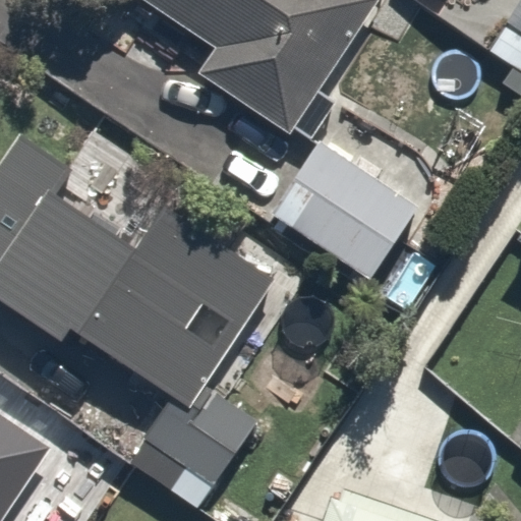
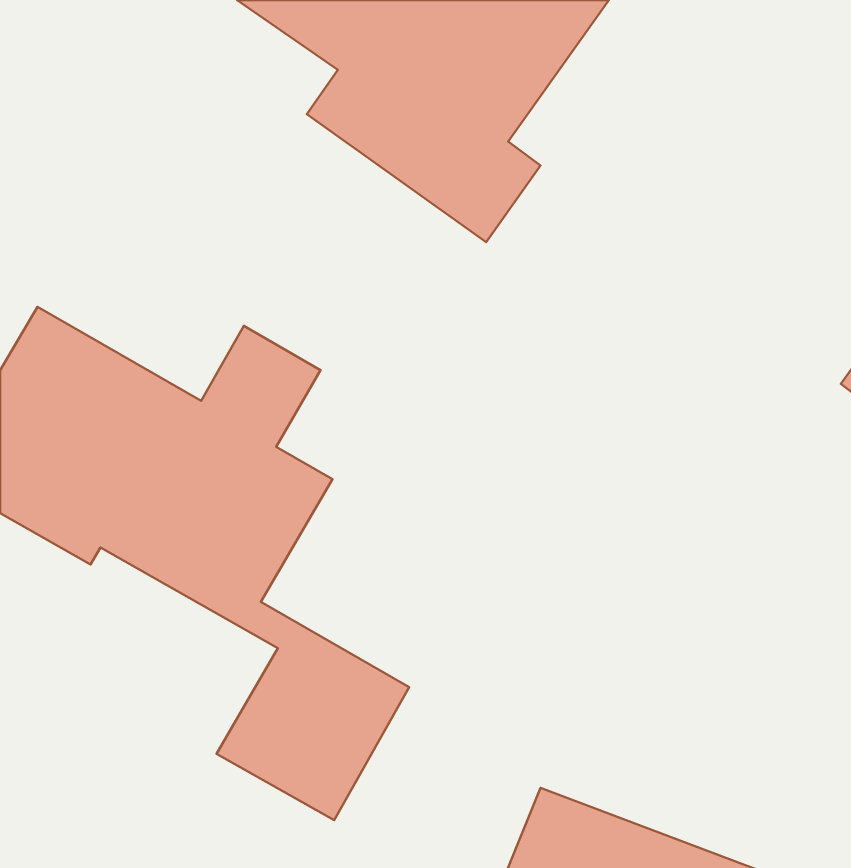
building: [284,151,414,279] -> none

